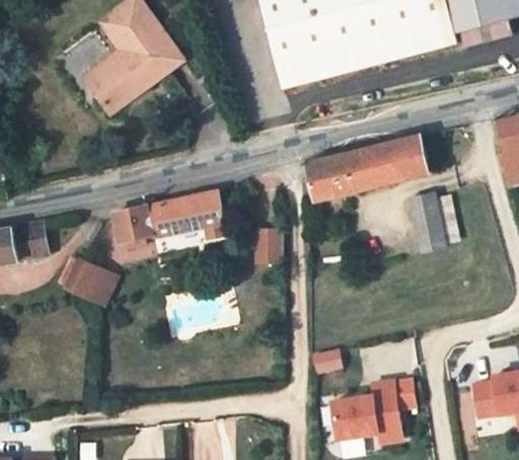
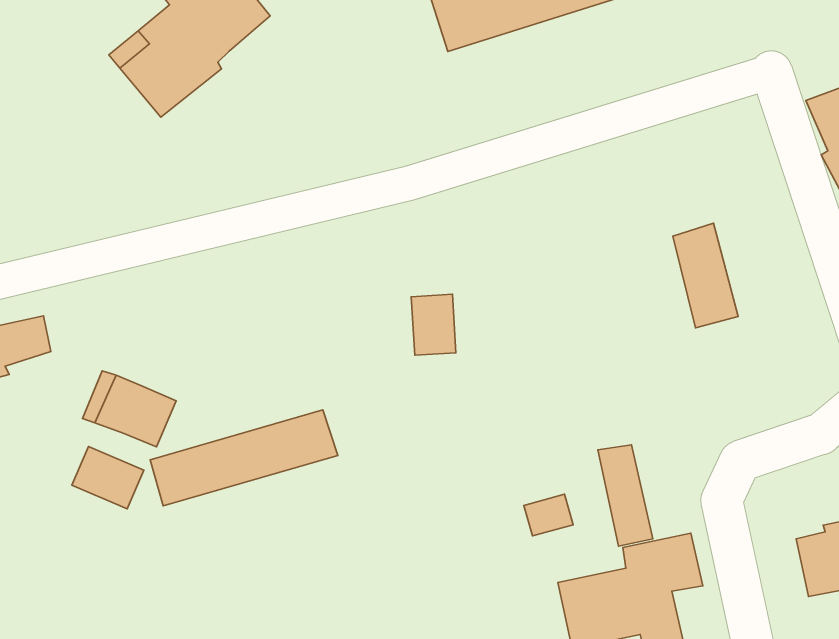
building: [307,131,435,202] -> none
building: [114,202,224,252] -> [150,410,338,506]
building: none -> [72,446,144,509]
building: none -> [598,445,653,546]

